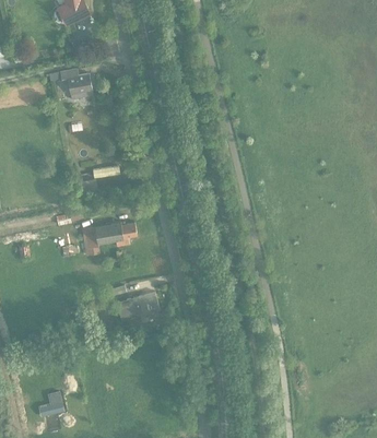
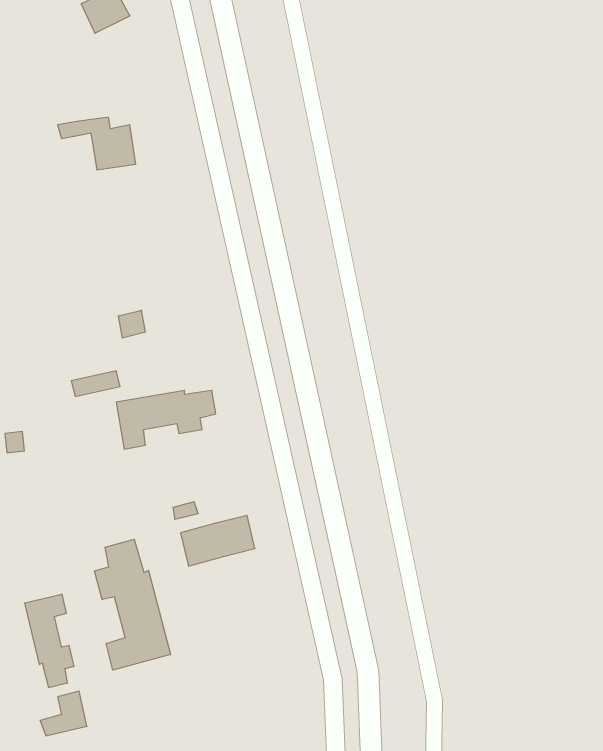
building: none -> [95,539,171,670]
building: none -> [25,594,74,688]

